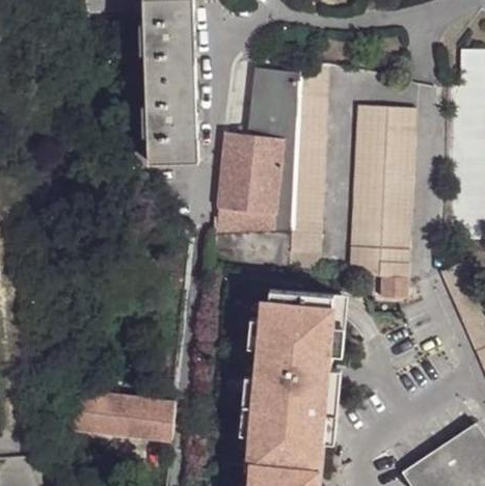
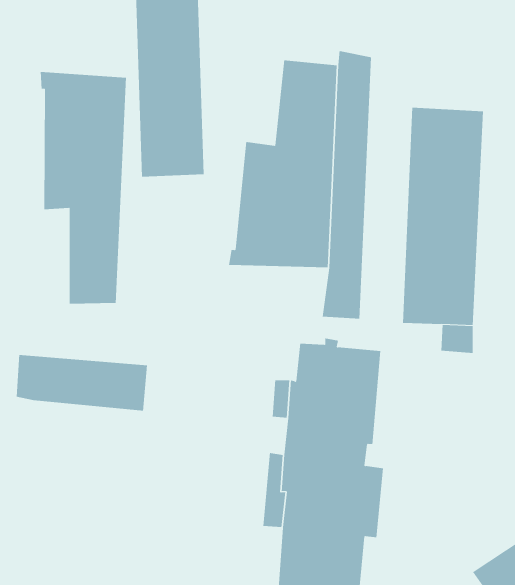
building: none -> [40,71,126,304]
building: [72,395,176,439] -> [16,355,148,411]

